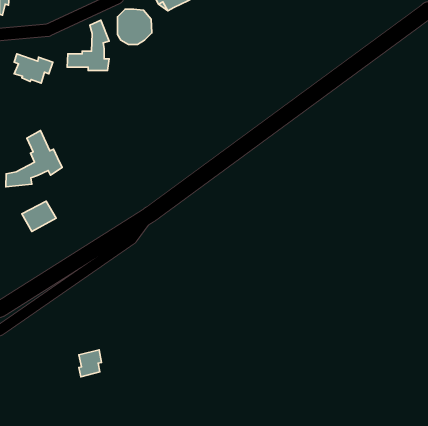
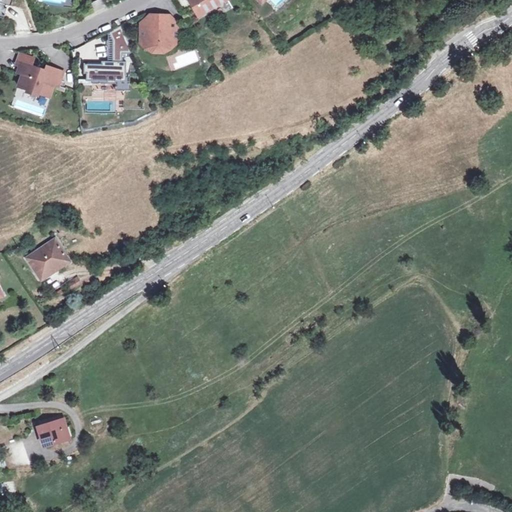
building: [6,131,62,187] -> none
building: [79,350,102,377] -> [38,413,65,445]

